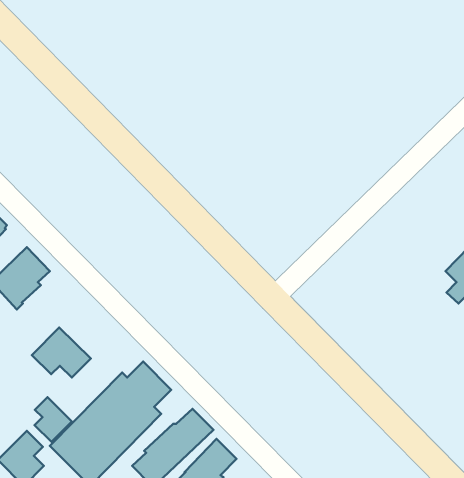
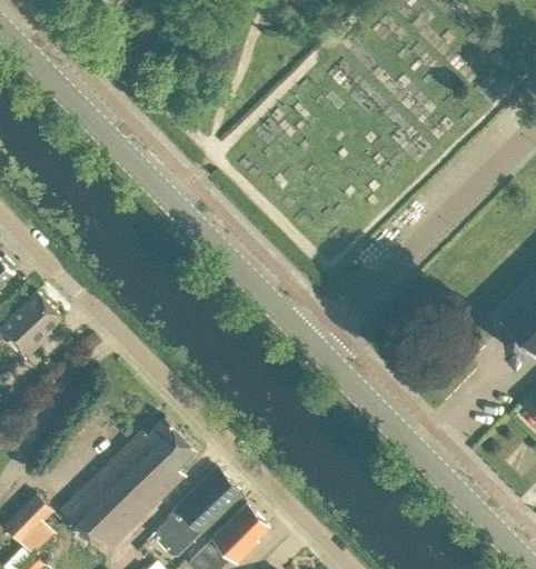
building: [32,327,91,378] -> none
building: [35,397,72,442] -> none

